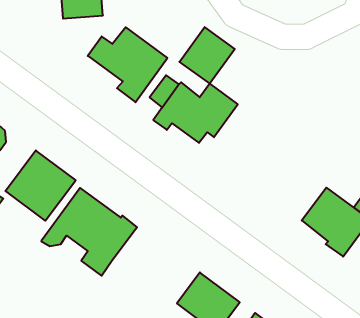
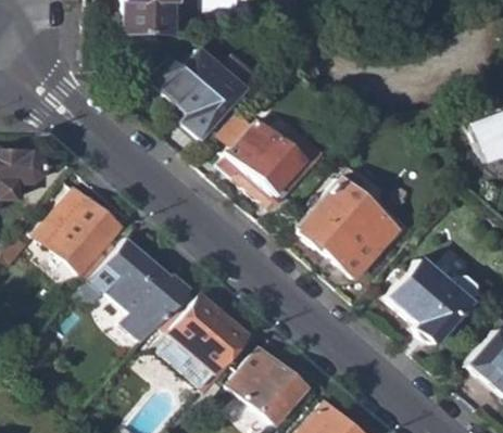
building: [179,27,235,84] -> none
building: none -> [299,177,400,276]
building: none -> [155,291,253,393]

